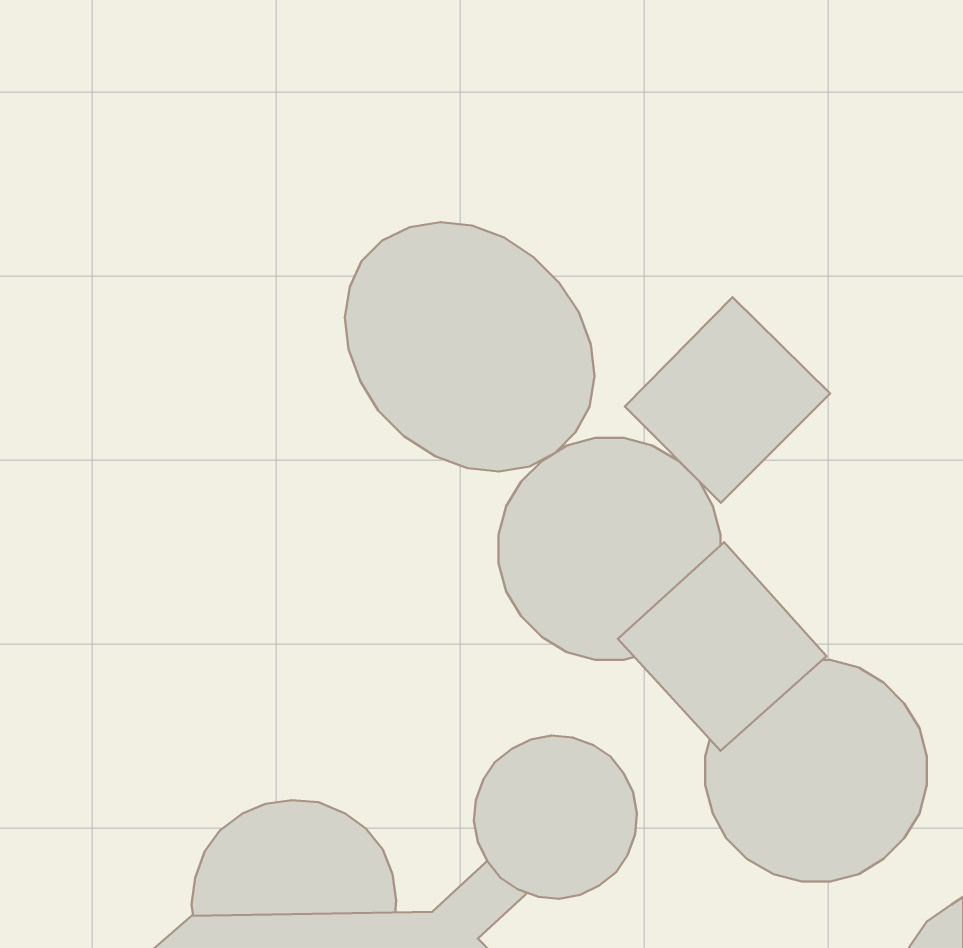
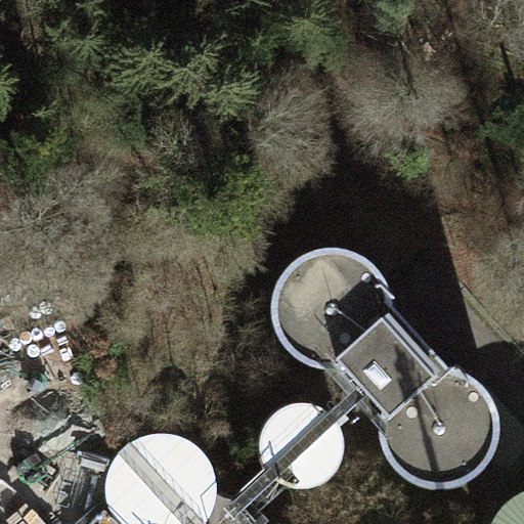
building: [345,222,594,472] -> none
building: [625,297,830,503] -> none

